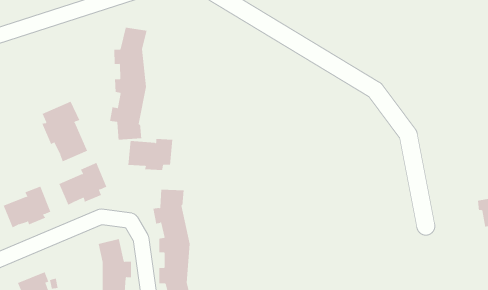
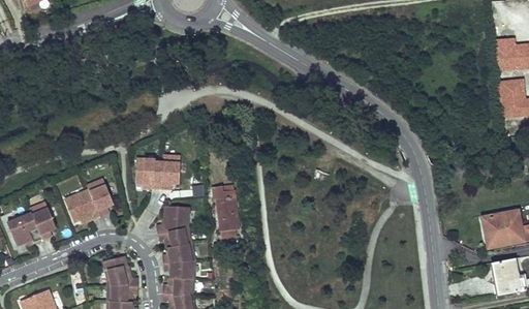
building: [110,27,147,140] -> none
building: [42,101,88,162] -> none
building: none -> [213,186,238,239]

